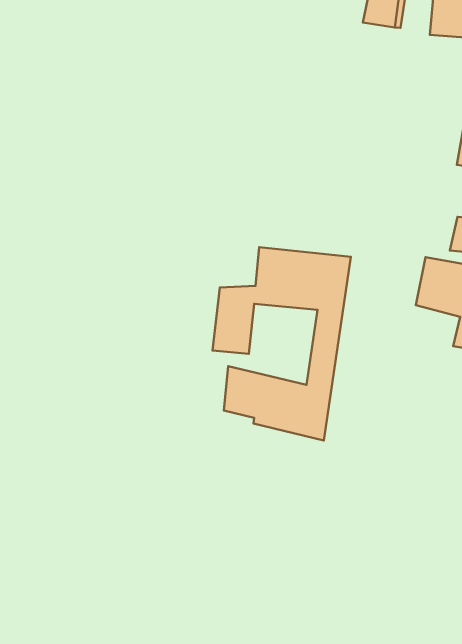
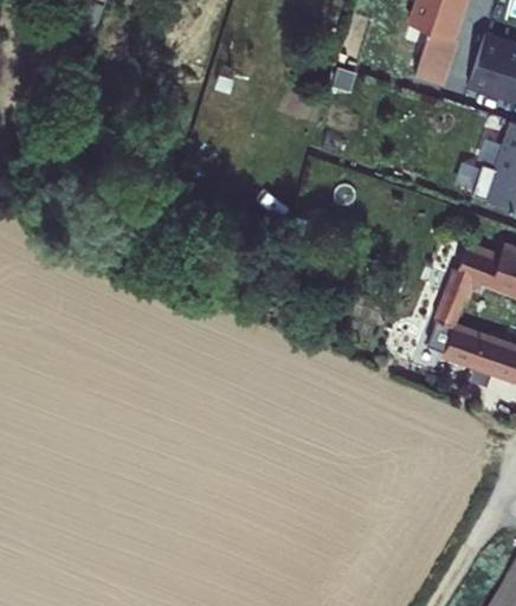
building: [212,247,351,441] -> none

